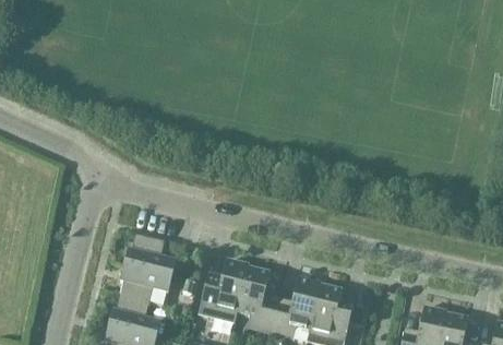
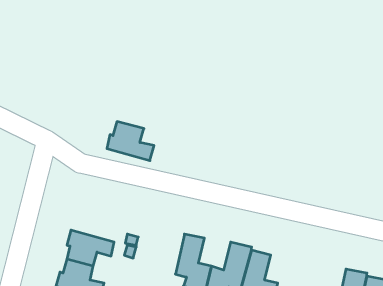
building: [124,234,176,276] -> [107,122,154,161]
building: [197,259,249,318] -> none

